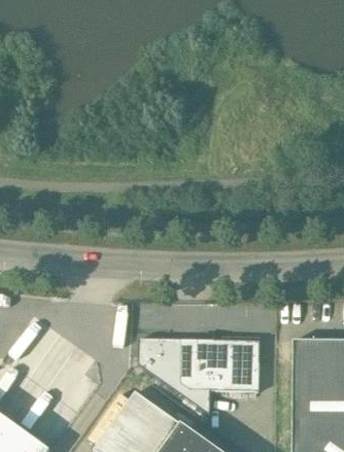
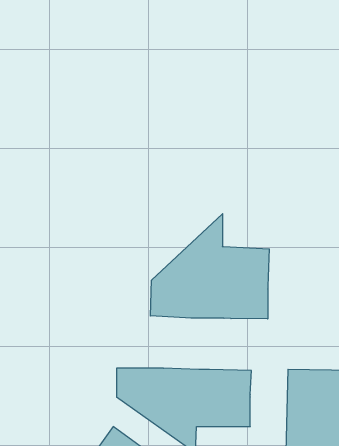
building: none -> [150,214,269,319]

